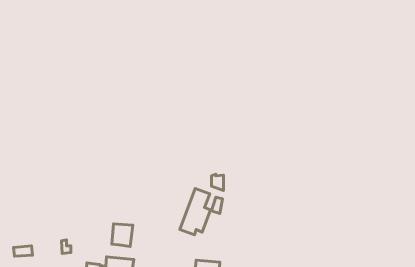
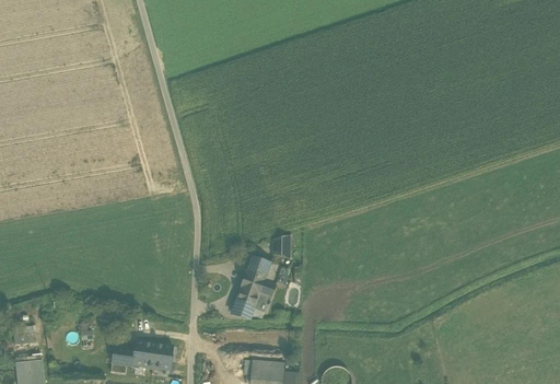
building: [112,224,133,246] -> none

